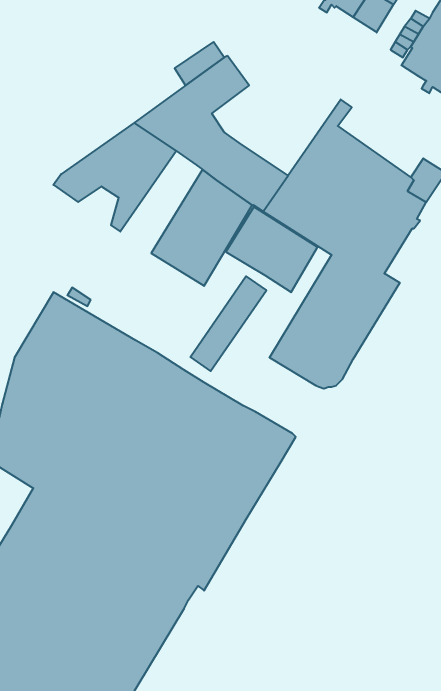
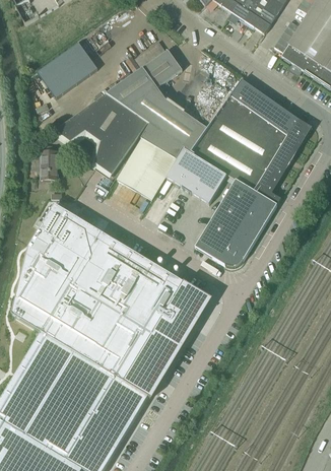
building: none -> [38,43,97,97]
building: none -> [240,83,295,129]
building: none -> [42,150,58,179]
building: [190,276,266,371] -> [97,112,147,174]

